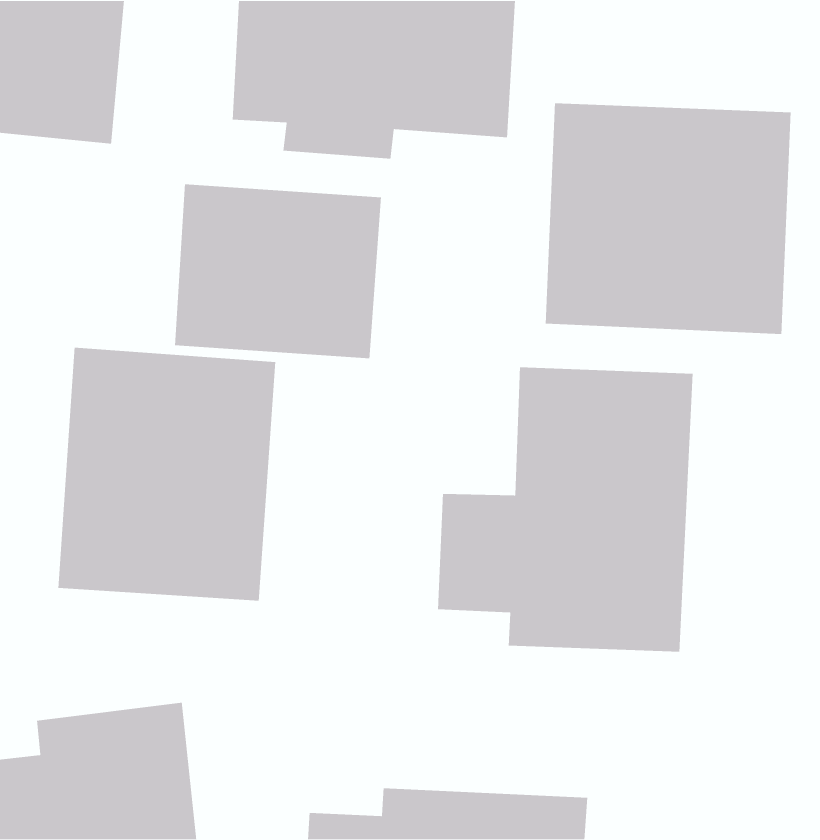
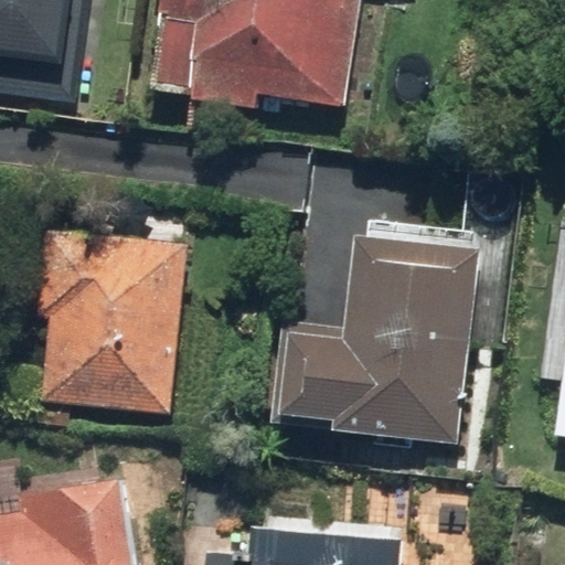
building: [545,103,791,335] -> none
building: [174,183,382,359] -> none

